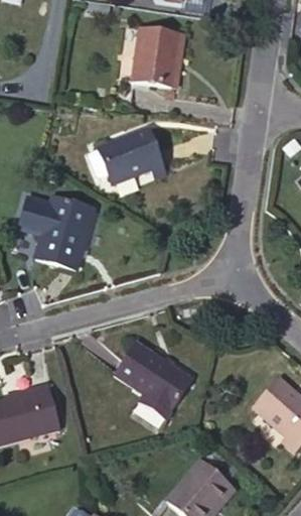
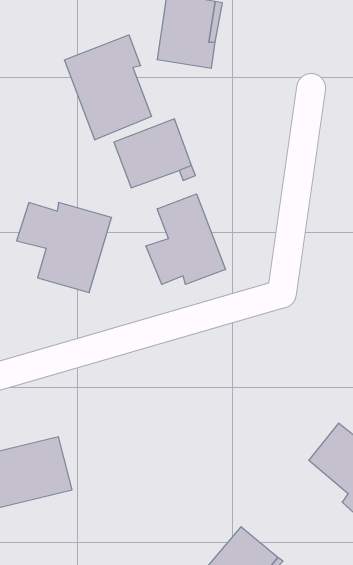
building: none -> [65,35,152,140]
building: none -> [146,194,226,284]
building: [114,341,192,419] -> none

